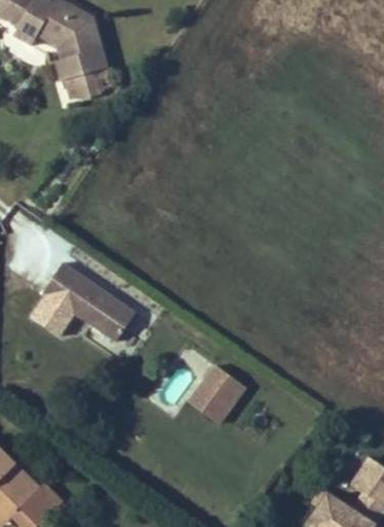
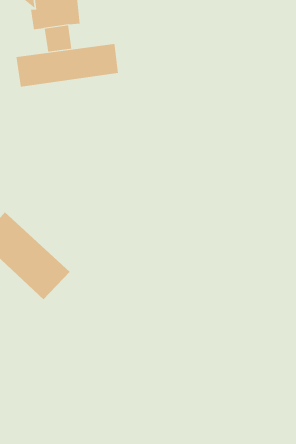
building: none -> [16,43,119,88]
building: [186,365,245,425] -> none

